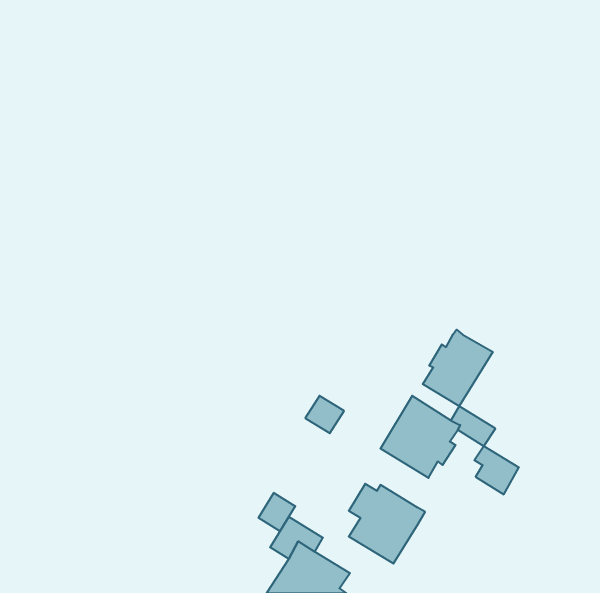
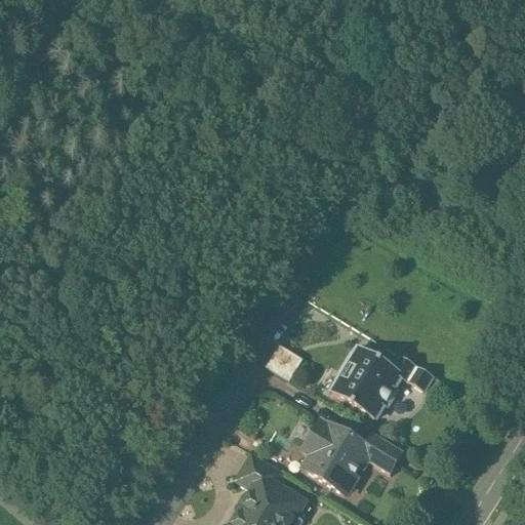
building: [423,330,493,406] -> none
building: [474,446,519,494] -> [364,431,403,473]
building: [259,493,295,531] -> none

